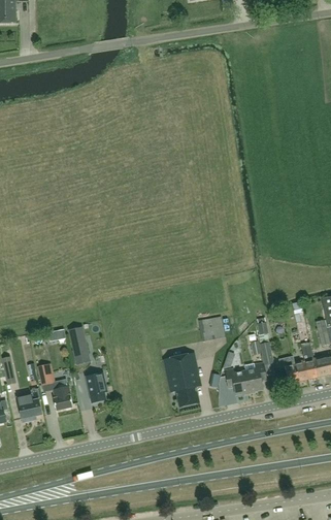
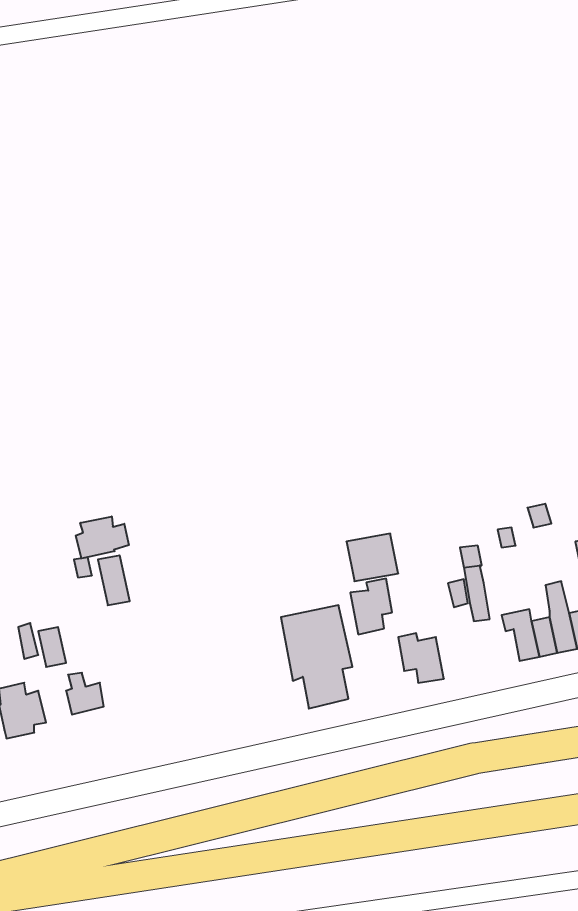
building: none -> [76,516,129,558]
building: [244,362,266,391] -> [350,579,392,634]
building: [87,372,106,401] -> none

